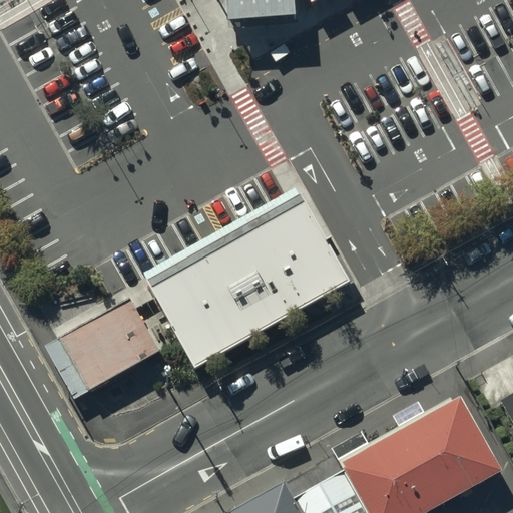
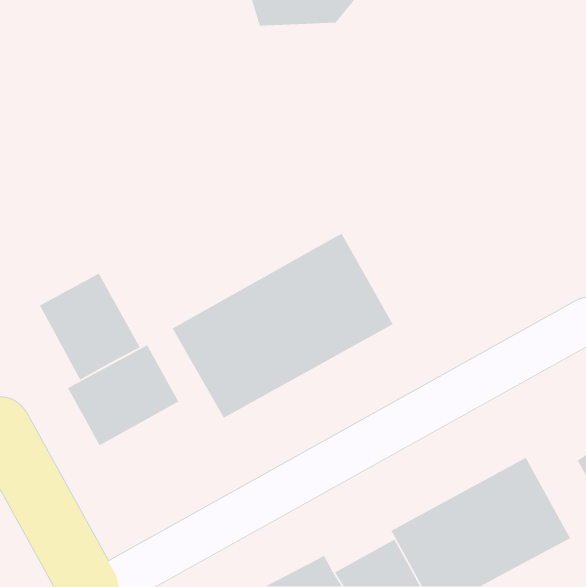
building: none -> [39,273,141,381]

